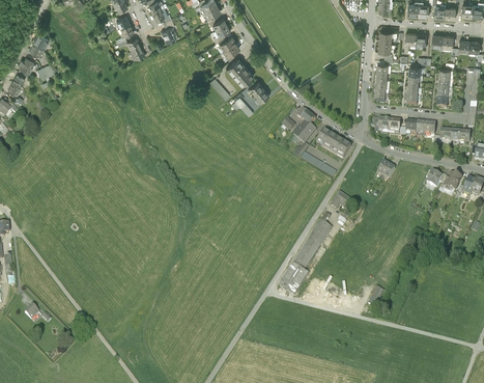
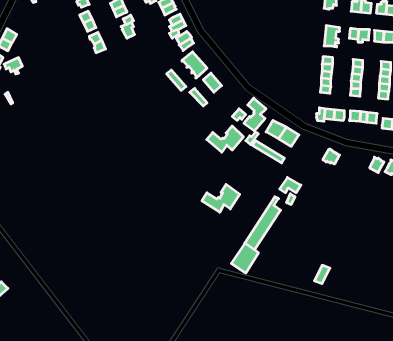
building: none -> [207,126,243,152]
building: none -> [202,184,240,212]

